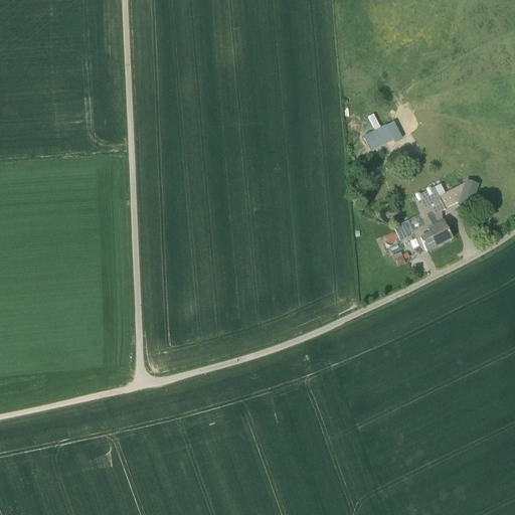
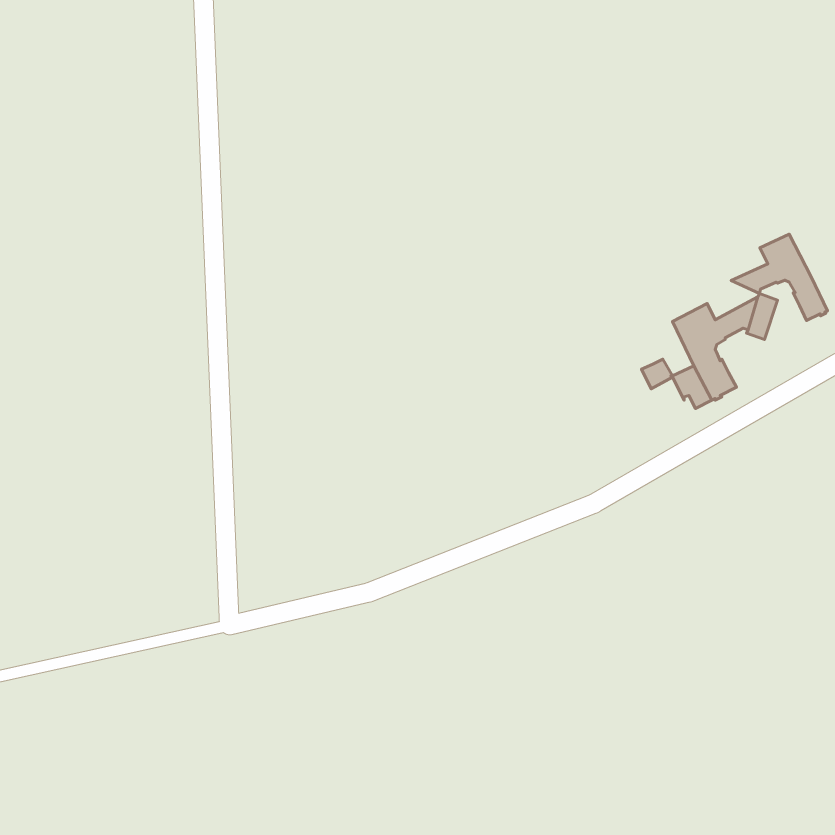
building: [366,120,403,150] -> none
building: none -> [731,234,827,321]

